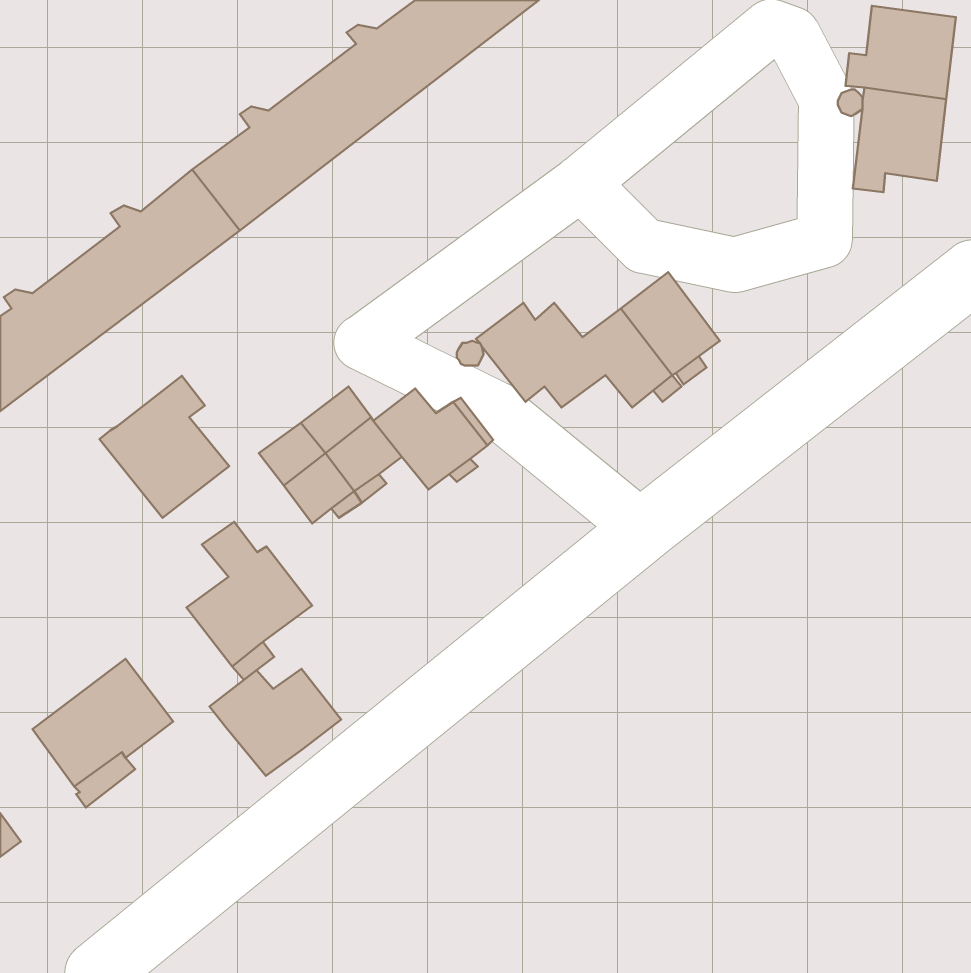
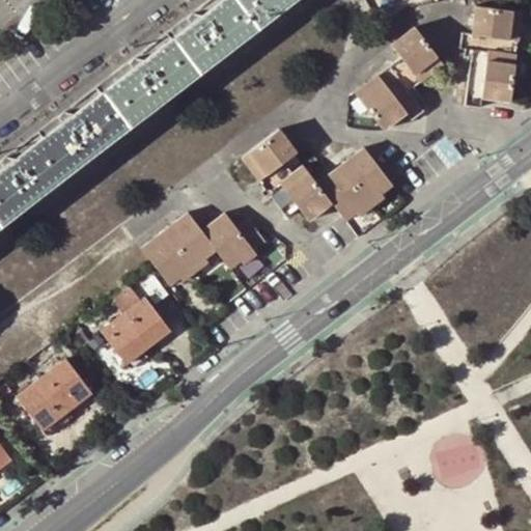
building: none -> [354,27,444,130]
building: none -> [242,131,296,185]
building: [99,376,229,518] -> none
building: [210,669,341,776] -> none

